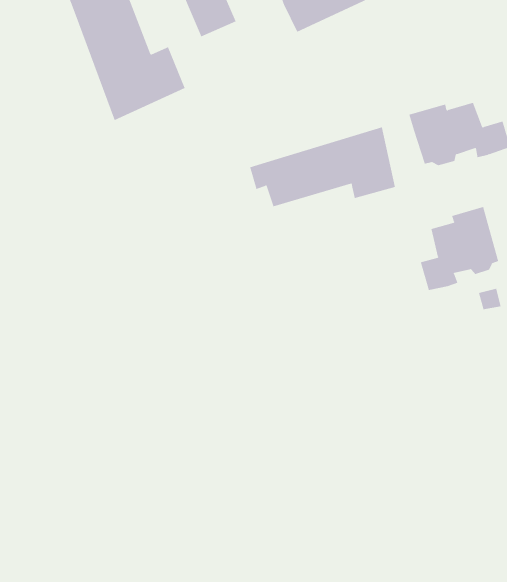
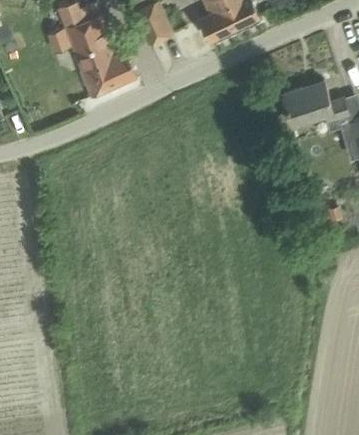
building: [250,126,396,207] -> none
building: [420,206,499,291] -> none

